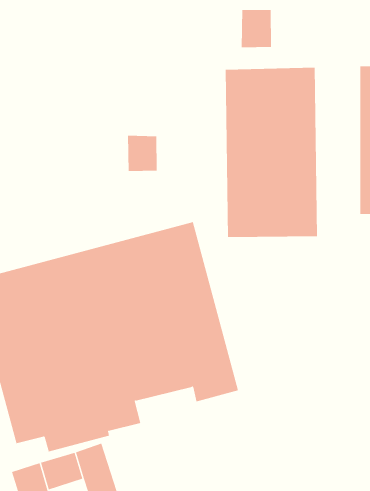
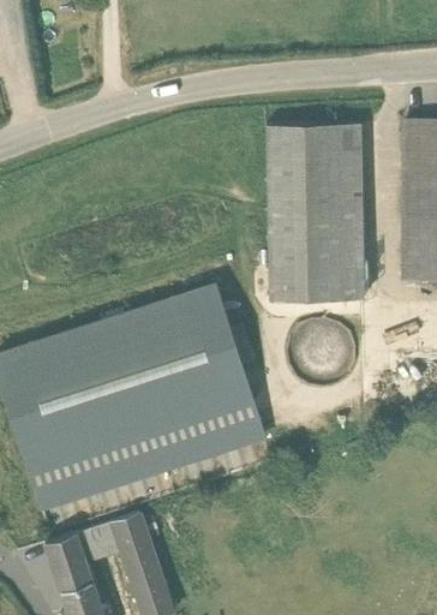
building: [241,9,272,48] -> none
building: [127,135,157,172] -> none

